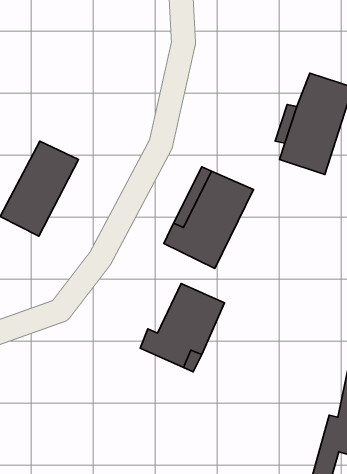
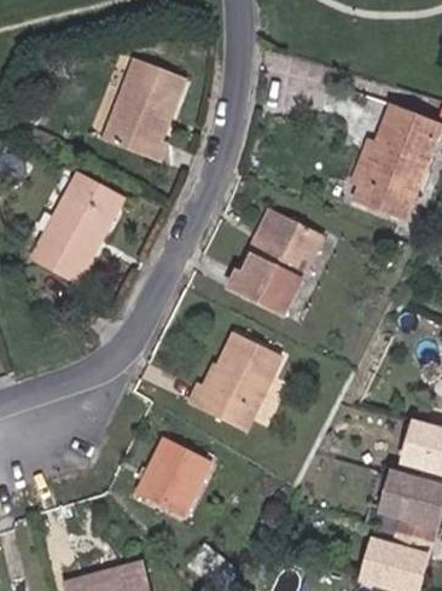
building: none -> [92,50,174,152]
building: none -> [138,440,215,522]

